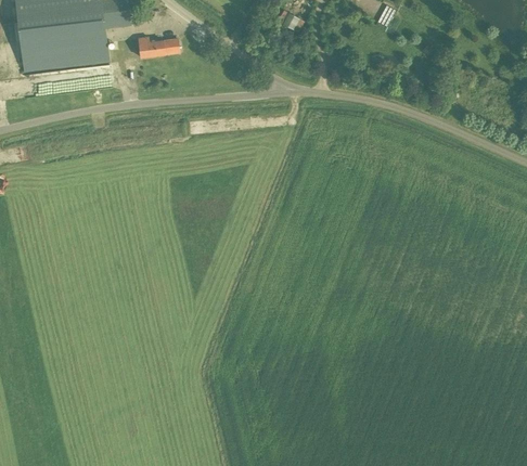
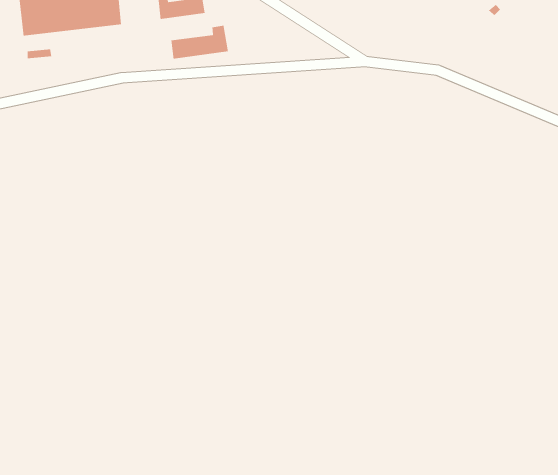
building: none -> [171,25,228,60]

